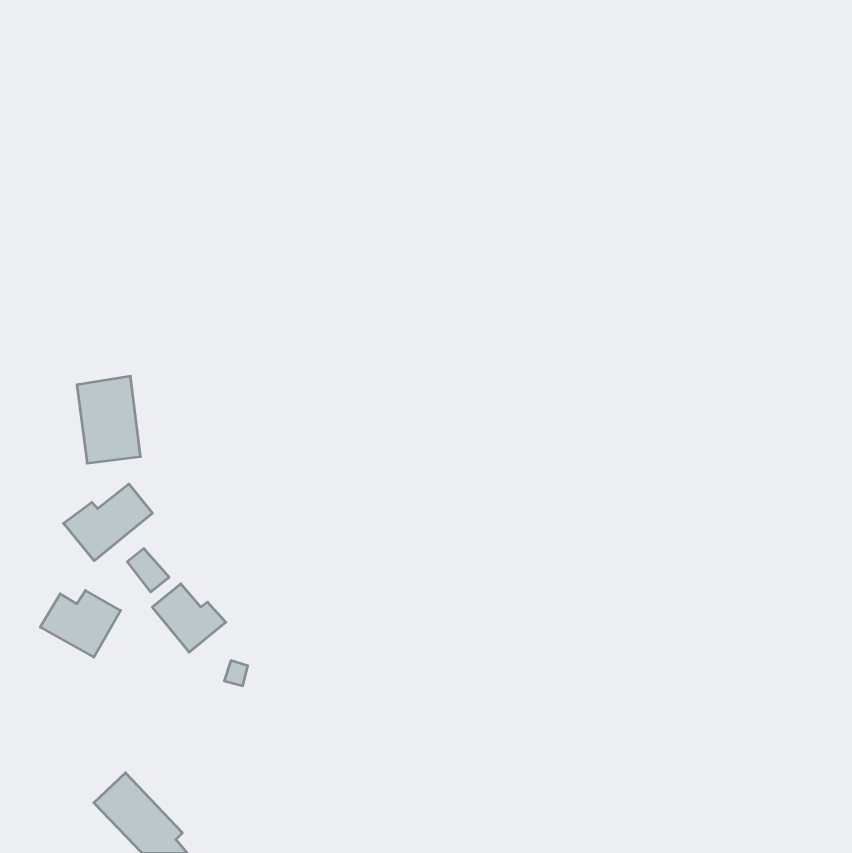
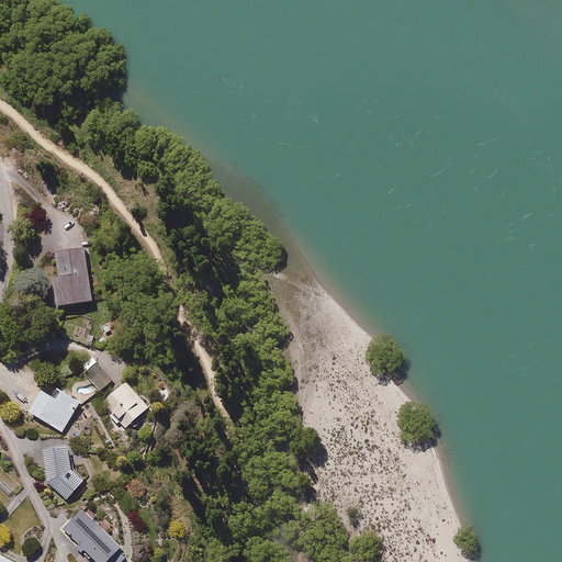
building: [63,484,152,561] -> none
building: none -> [43,445,81,498]

